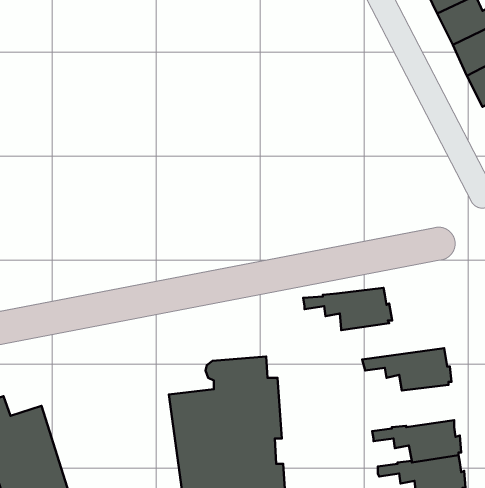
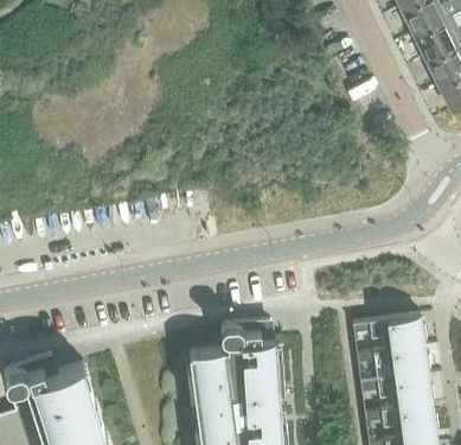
building: [303,288,392,330] -> [356,347,430,382]

